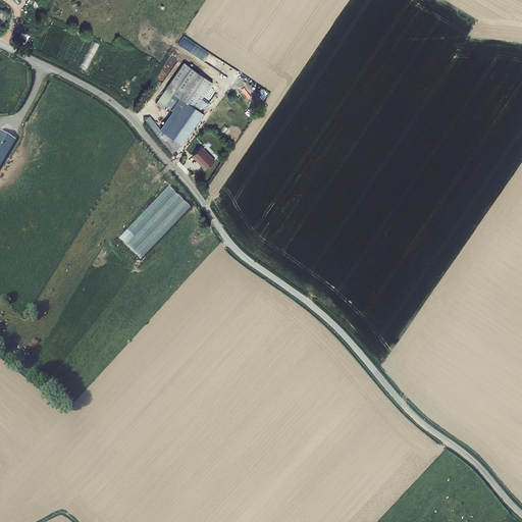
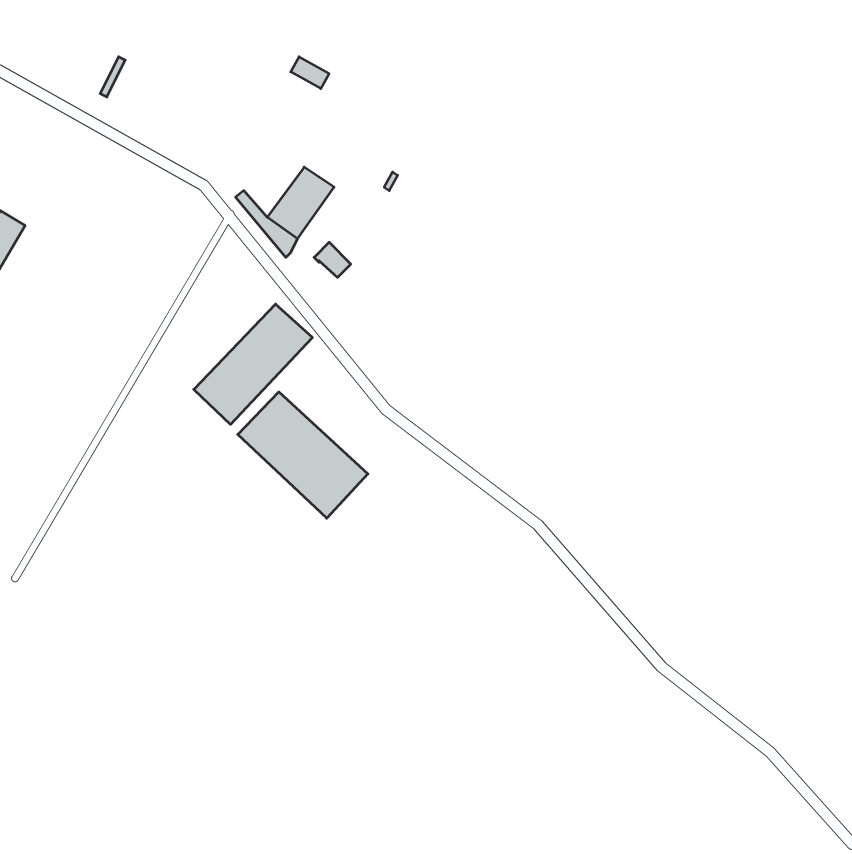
building: [157,62,213,110] -> none
building: none -> [238,392,368,518]

